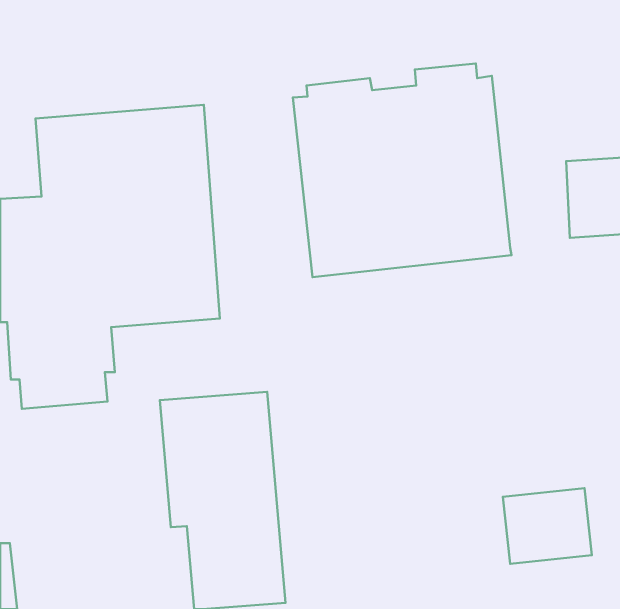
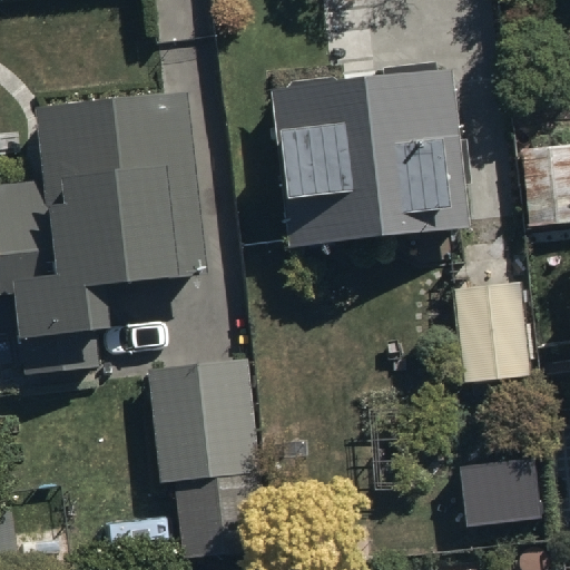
building: none -> [453,275,535,380]

